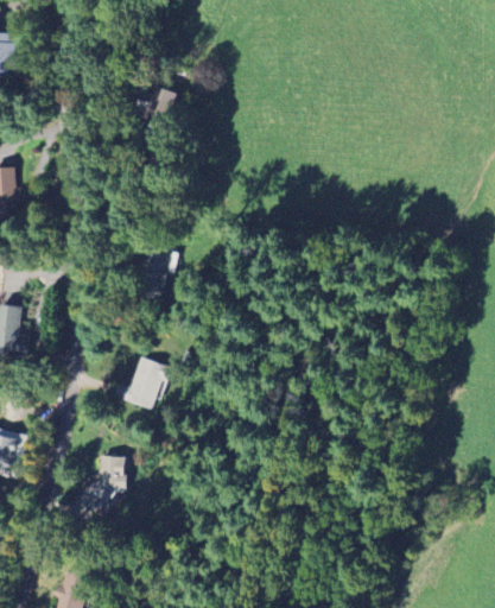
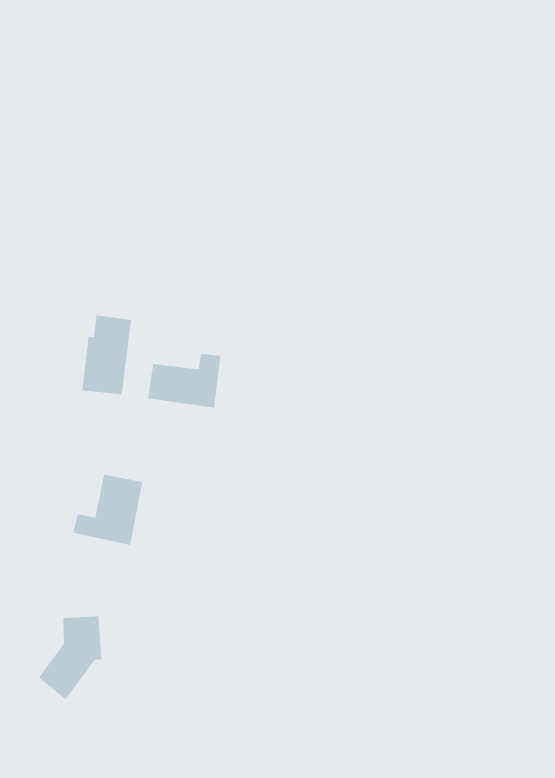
building: [132,86,174,122] -> none
building: none -> [148,353,221,409]

